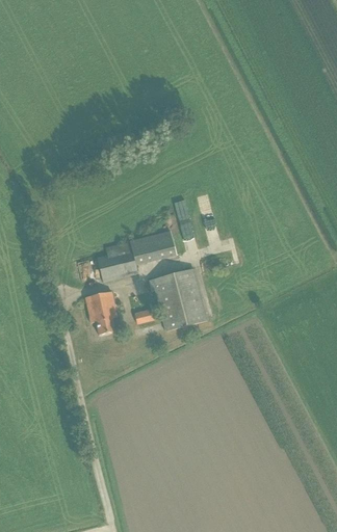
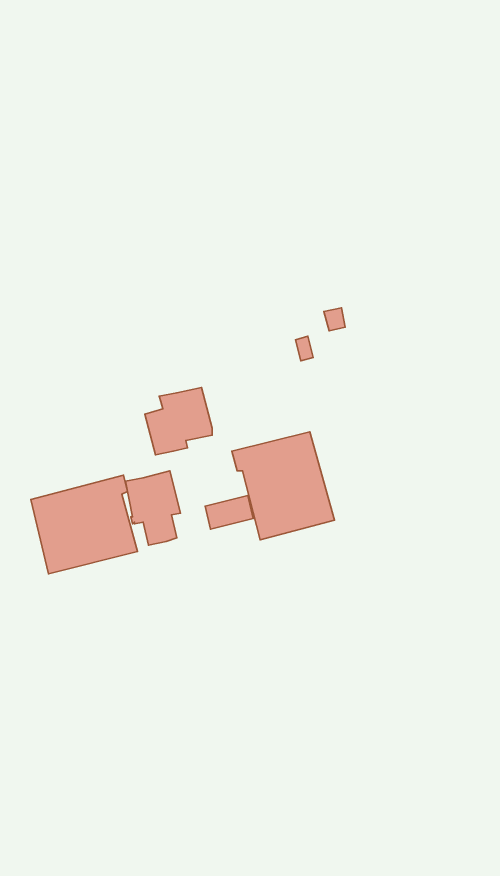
building: [134,232,179,265] -> none
building: none -> [31,475,138,574]

